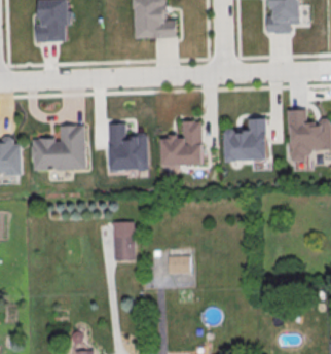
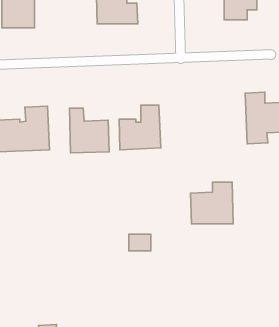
building: [224,118,268,162] -> [191,182,233,224]
building: [112,221,135,260] -> none

